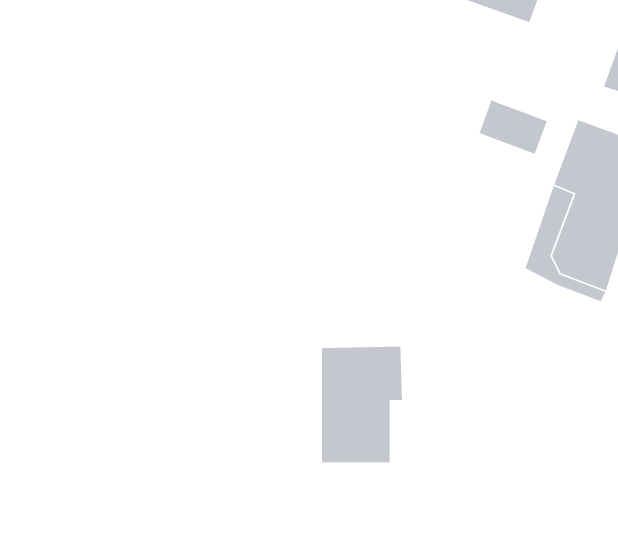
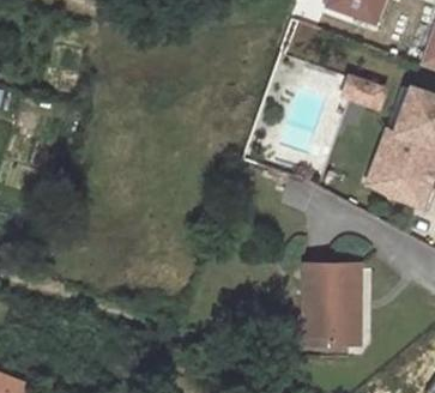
building: [321,346,403,463] -> [307,266,362,345]

